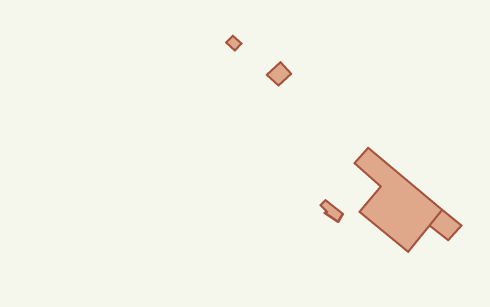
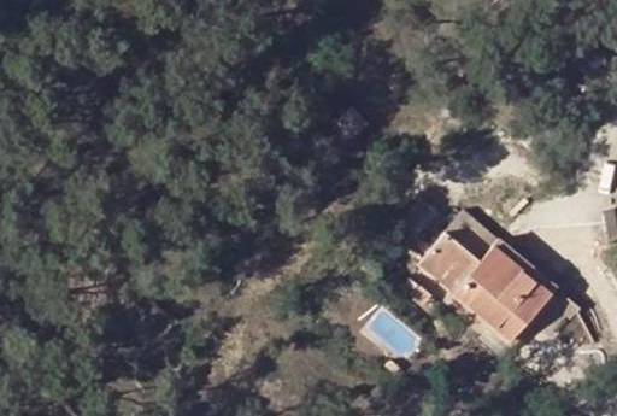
building: none -> [417,232,477,292]

